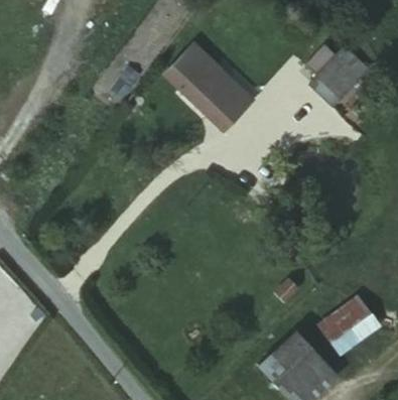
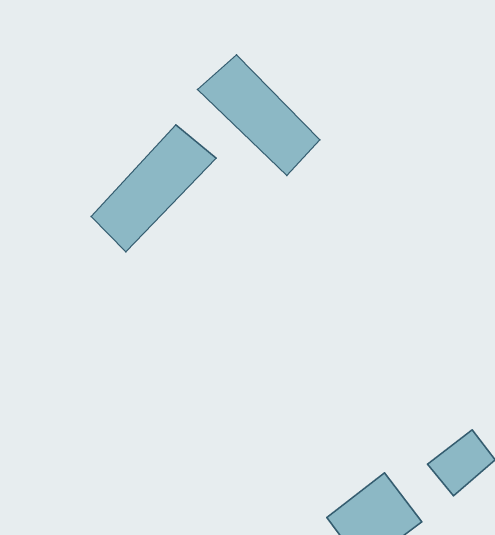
building: [305,42,368,104] -> none
building: none -> [91,125,216,252]

